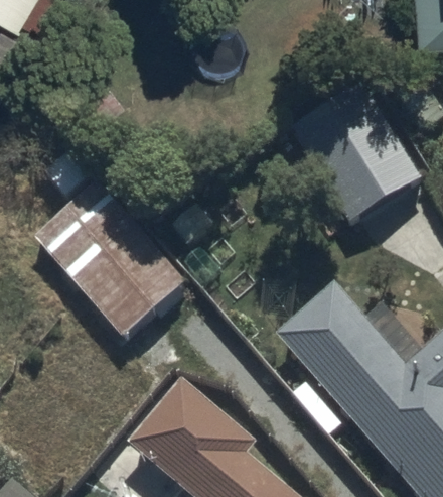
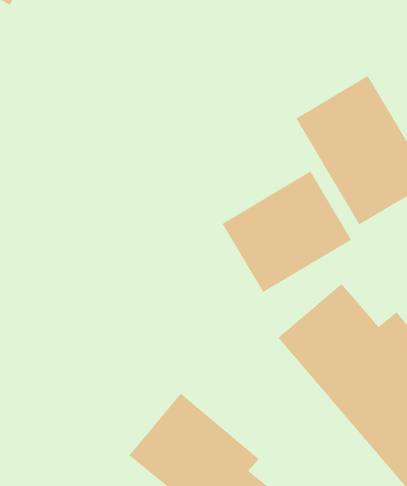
building: none -> [222,171,352,293]
building: [38,183,191,342] -> none

